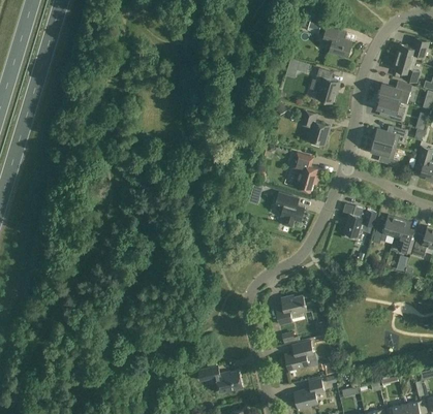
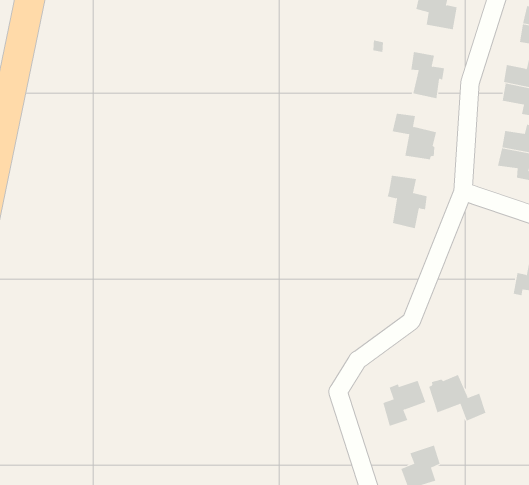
building: [274,193,304,227] -> none
building: [343,206,375,240] -> none
building: none -> [428,374,486,422]

